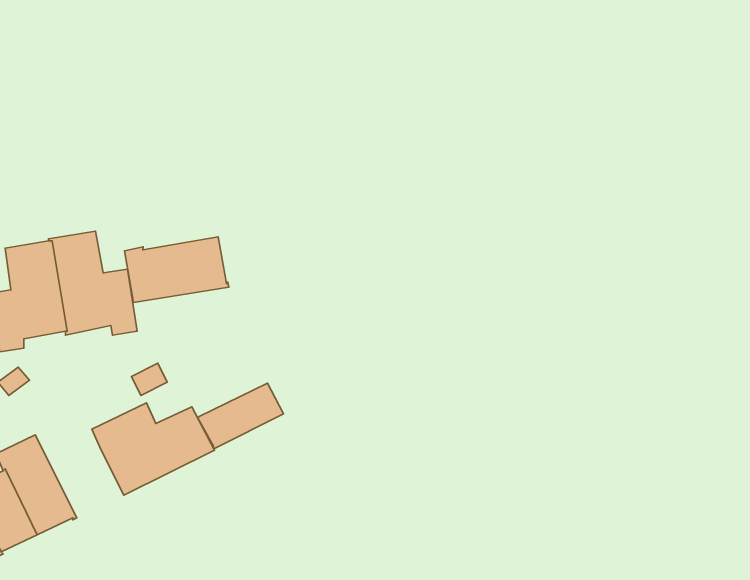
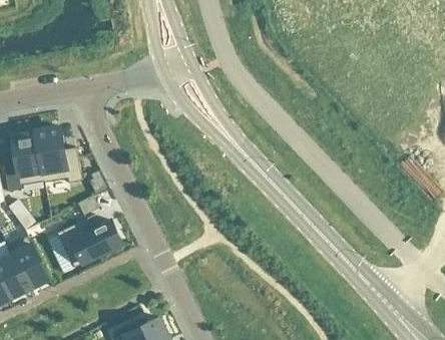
building: [124,237,229,302] -> none
building: [198,383,283,449] -> none

